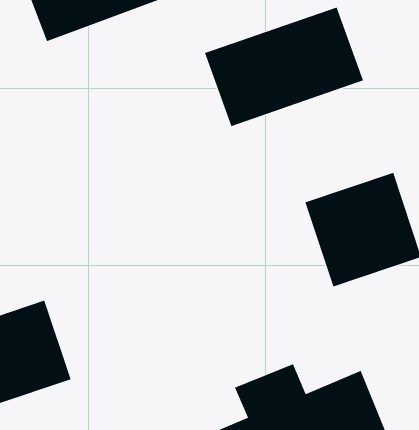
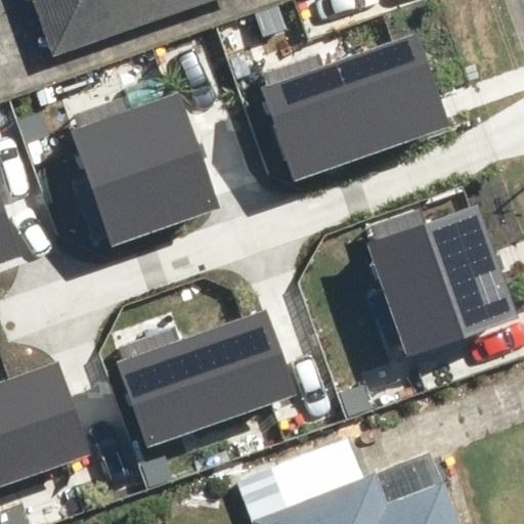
building: none -> [72,102,213,239]
building: none -> [110,304,300,448]

